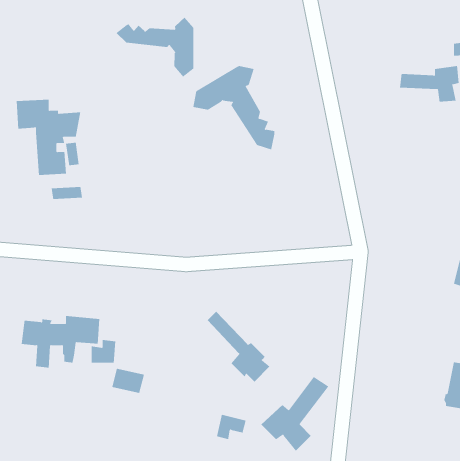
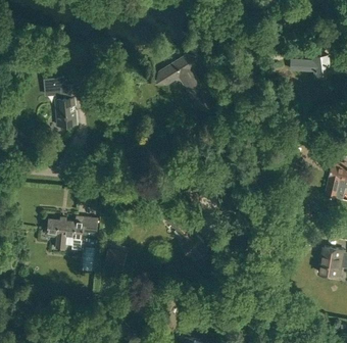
building: [115,17,194,77] -> none
building: [261,376,329,451] -> none

